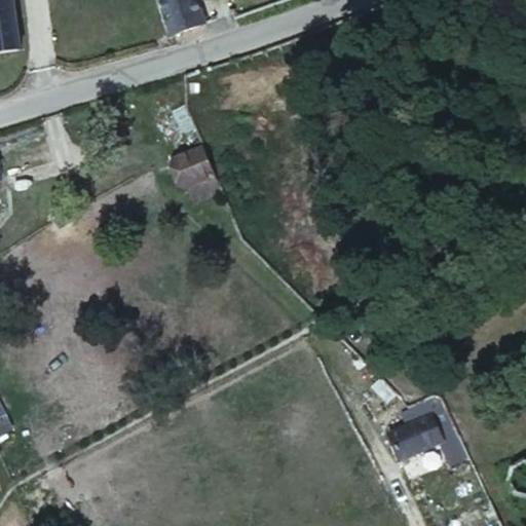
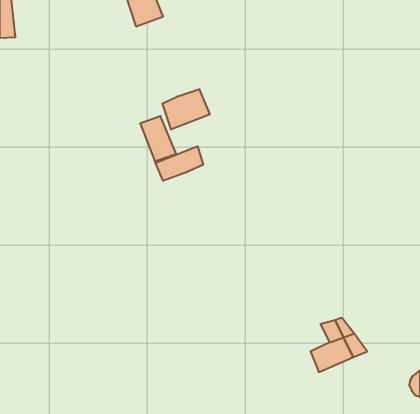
building: none -> [162,89,210,130]
building: none -> [155,146,203,181]

